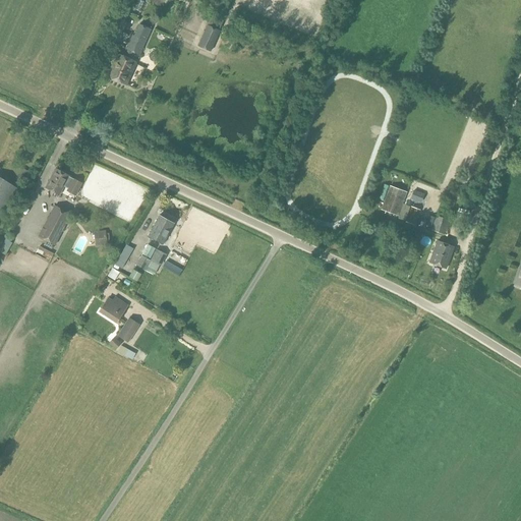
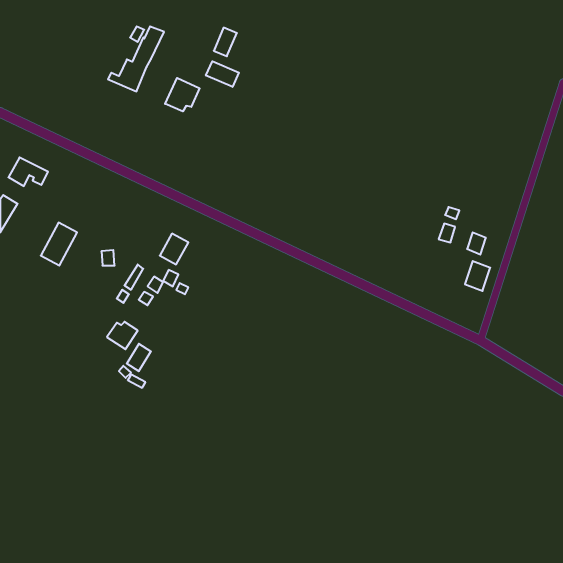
building: none -> [206,61,239,87]
building: none -> [165,78,200,111]
building: [45,169,81,195] -> [8,157,48,186]
building: [382,185,406,215] -> none

